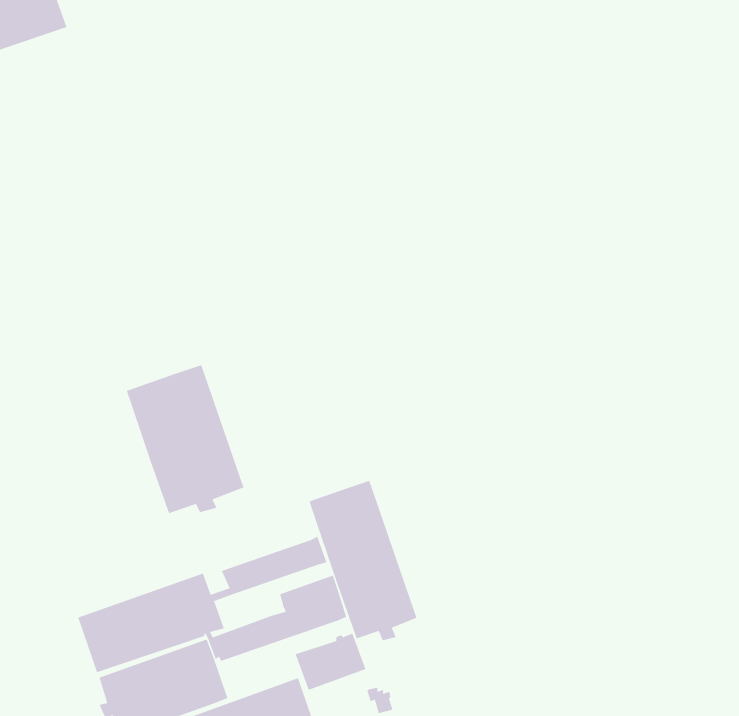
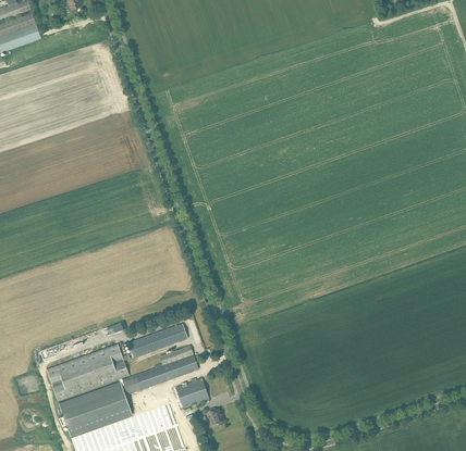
building: [126,364,245,514] -> none
building: [309,480,418,641] -> none

